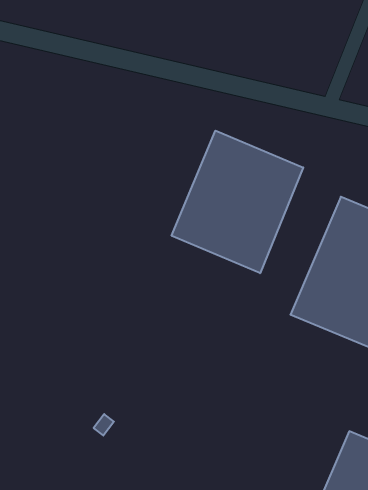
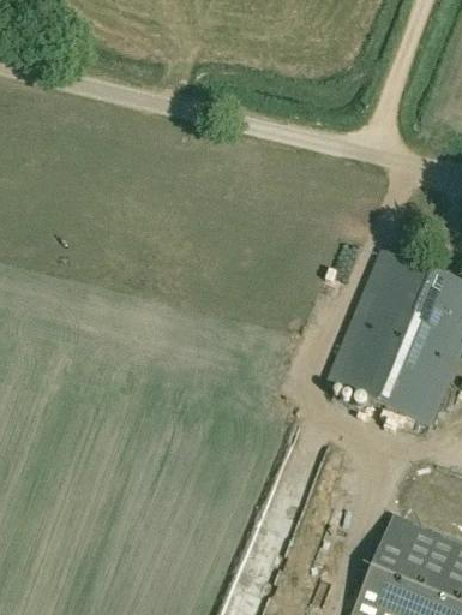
building: [172,131,303,273] -> none

